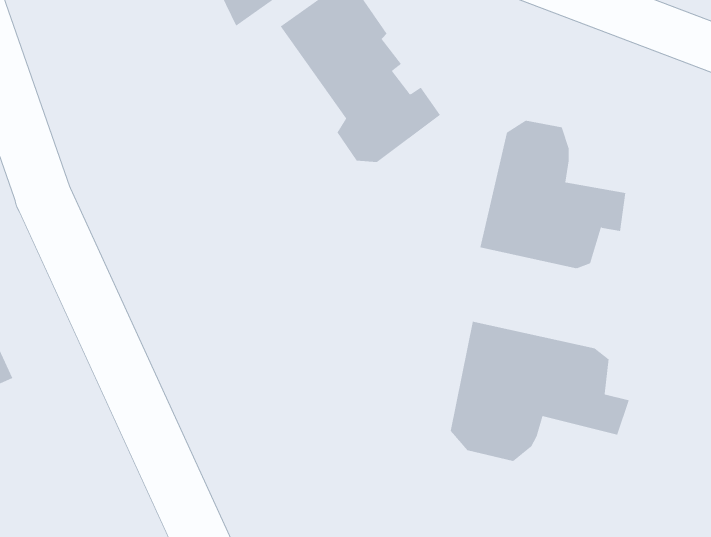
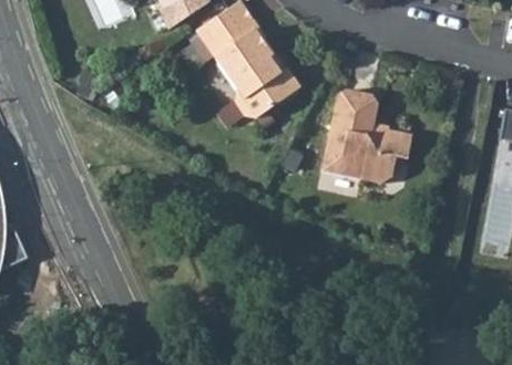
building: [450,321,629,462] -> none

